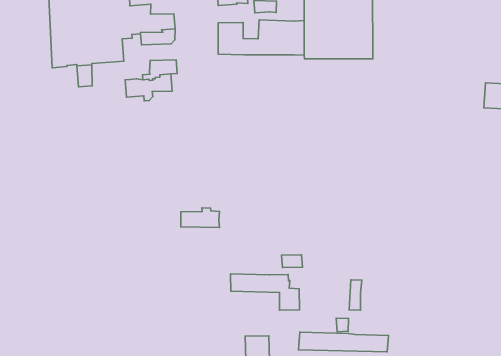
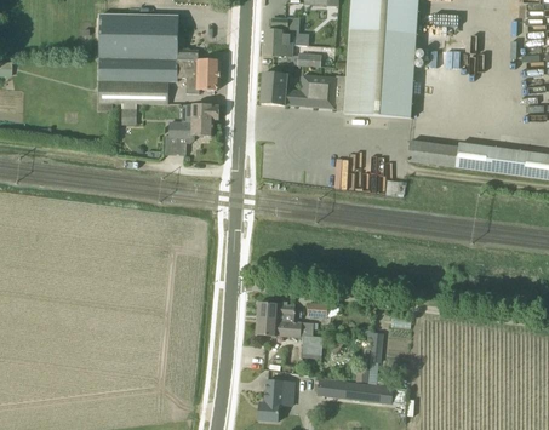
building: none -> [406,141,497,172]
building: [181,208,220,228] -> [256,300,294,321]

